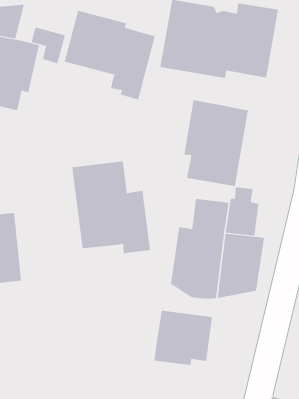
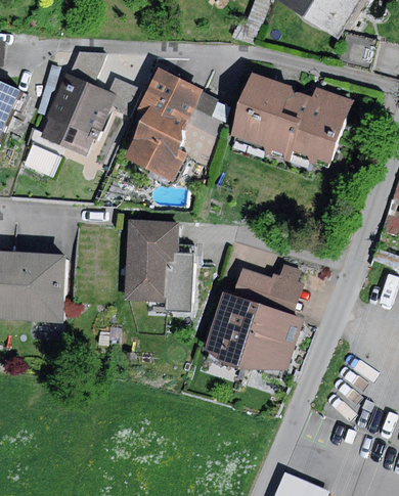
building: none -> [123,118,187,181]
building: [184,100,248,187] -> none
building: [154,310,213,366] -> none

